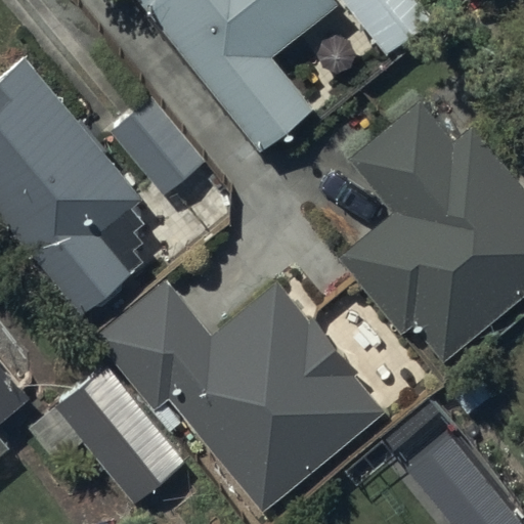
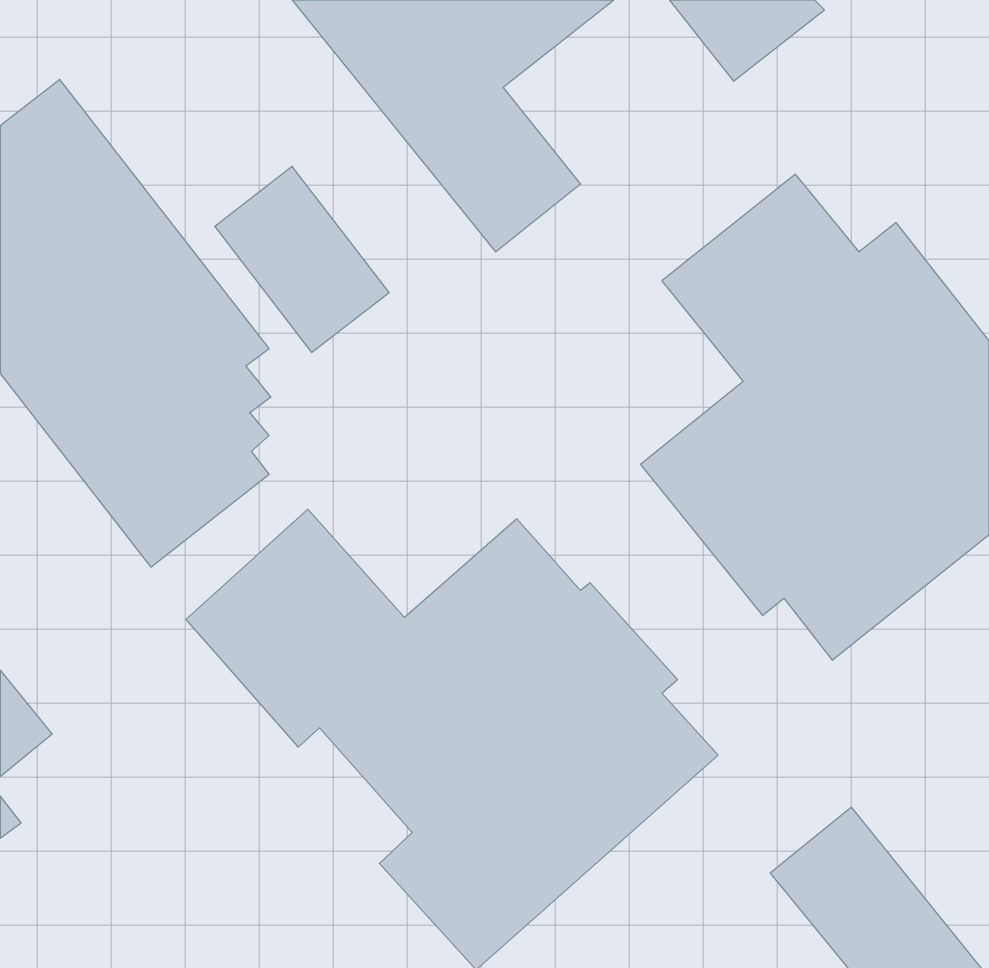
building: [29,367,185,505] -> none

